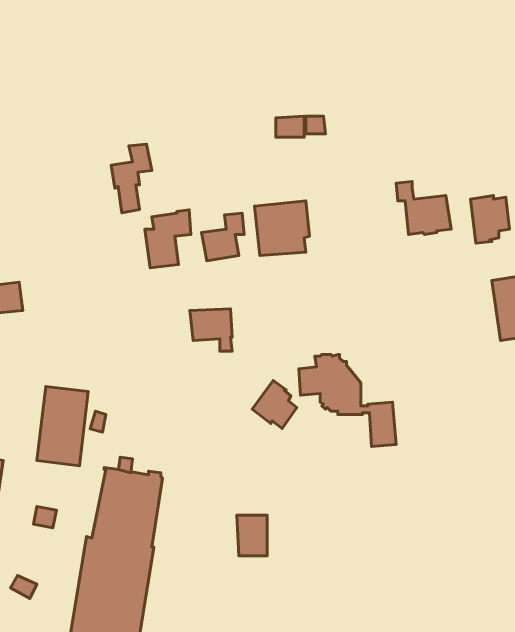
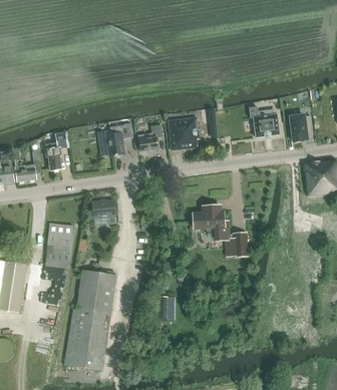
building: [111,144,152,213] -> [45,131,68,170]
building: [190,309,232,351] -> [92,200,116,224]
building: [252,380,297,428] -> none

